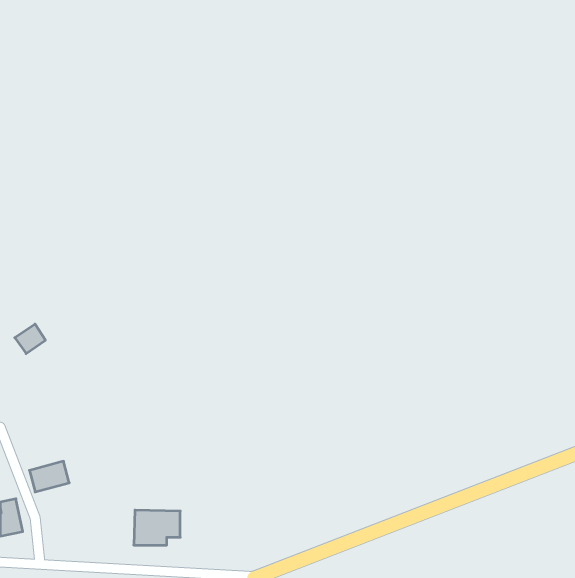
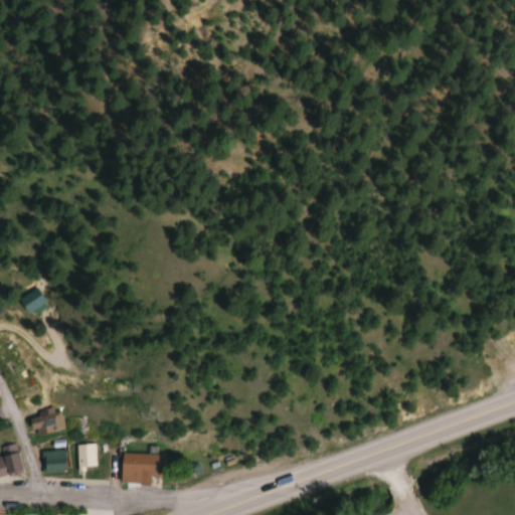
building: none -> [78,443,97,469]
building: none -> [44,451,67,472]

